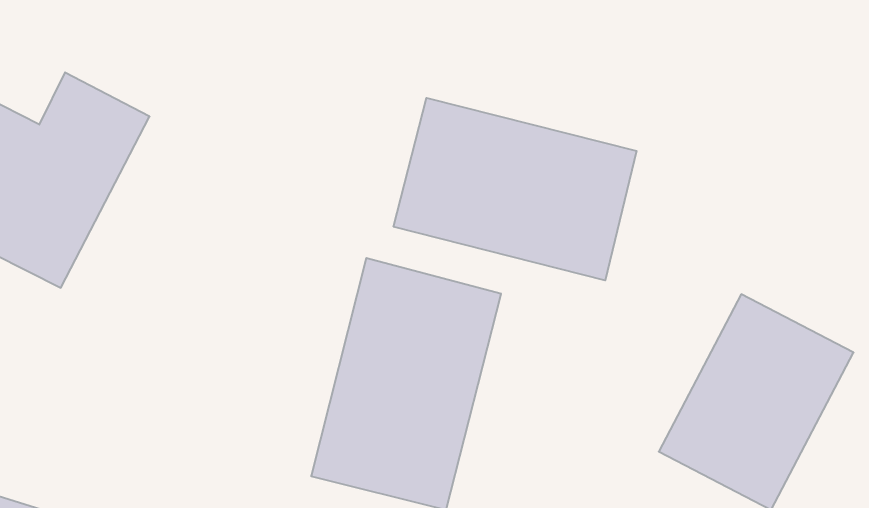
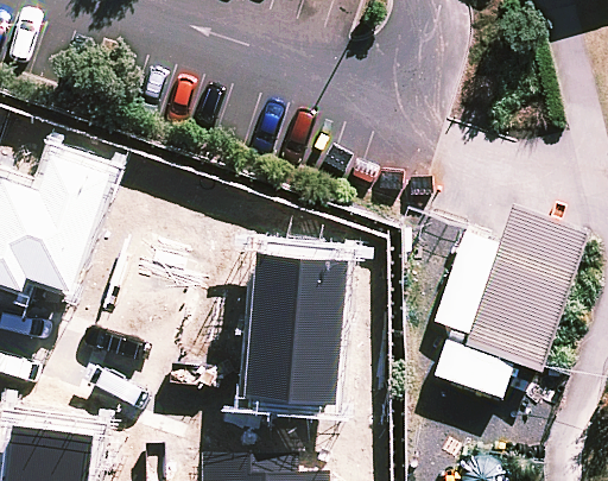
building: [394,98,637,280] -> none

